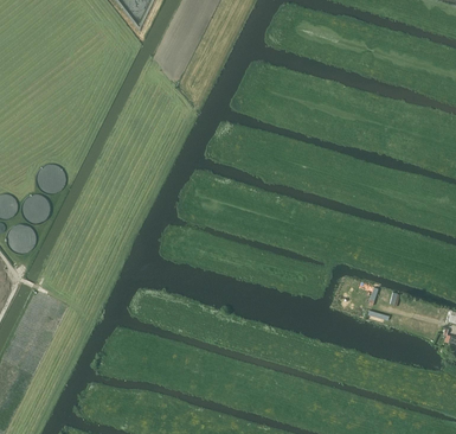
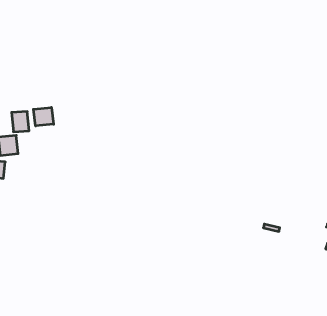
building: none -> [33,107,54,126]

